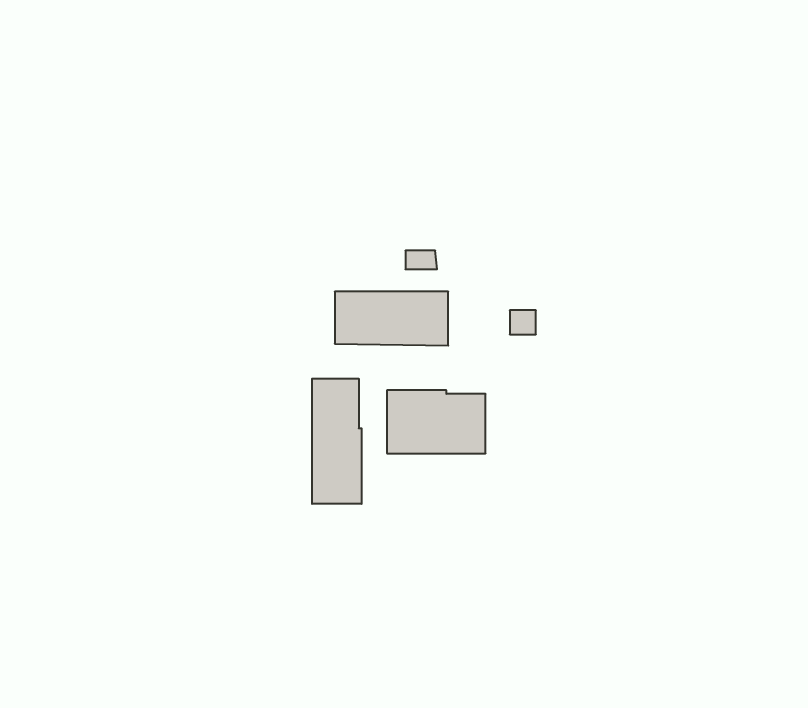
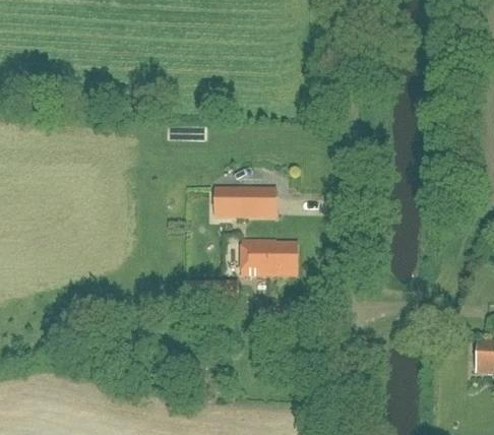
building: [312,379,362,504] -> none

